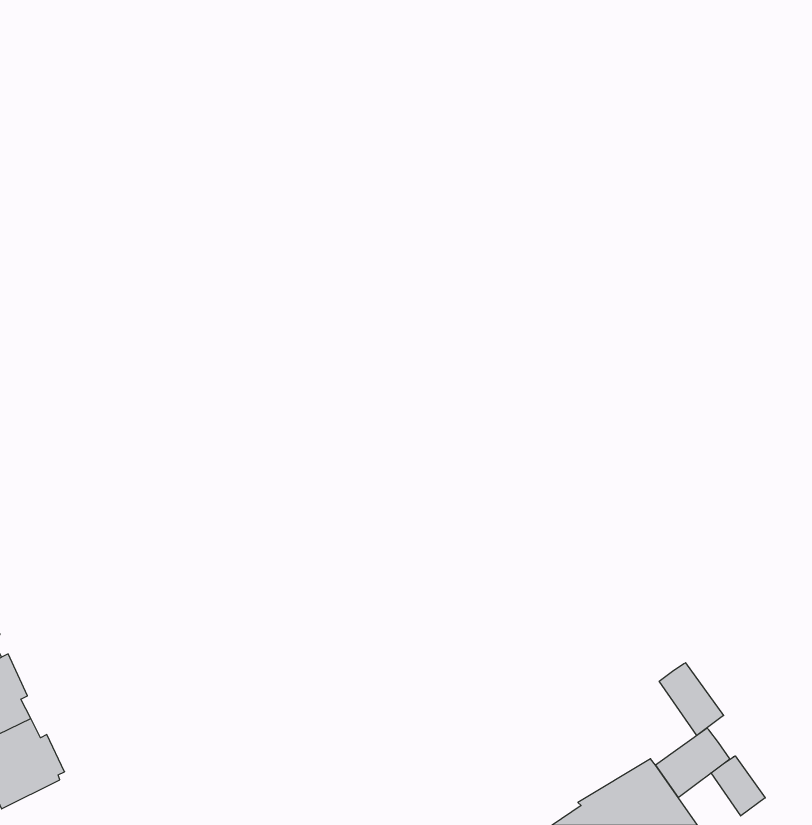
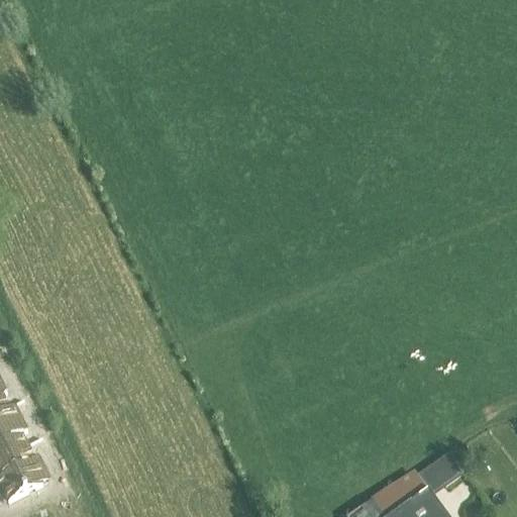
building: [659,663,724,735] -> none
building: [711,756,765,816] -> none

